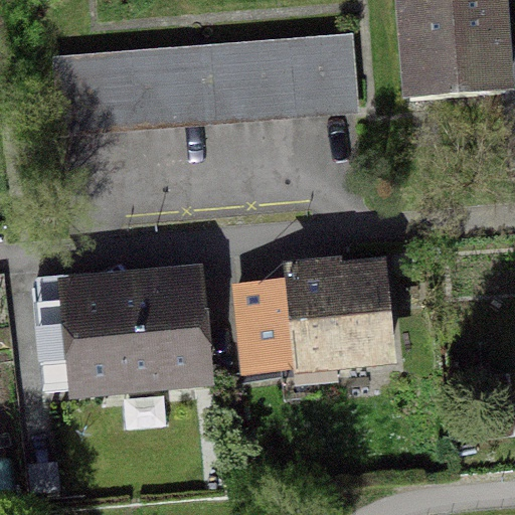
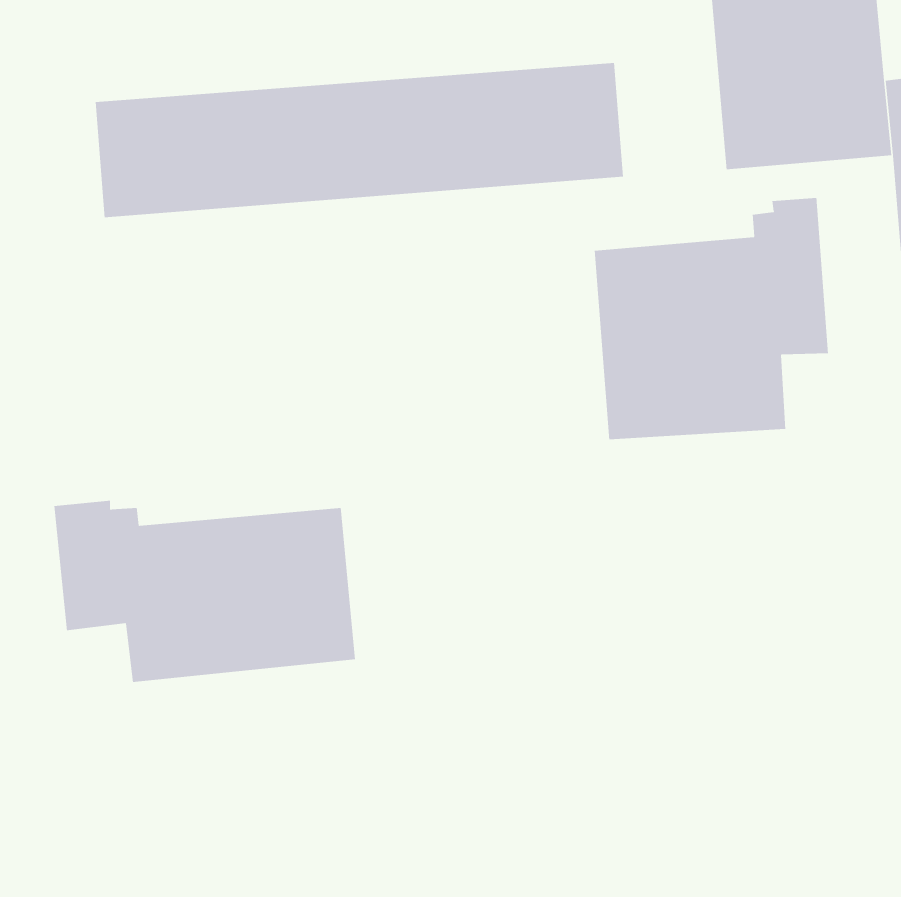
building: none -> [594,197,828,440]
building: [241,264,391,367] -> none

